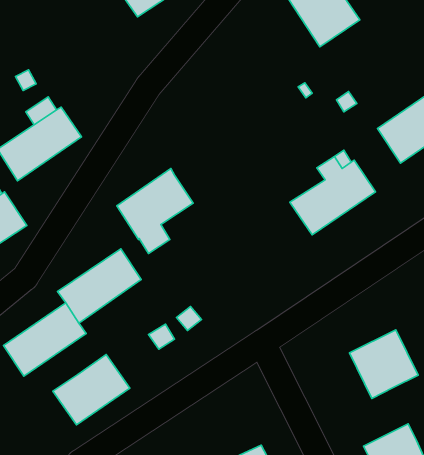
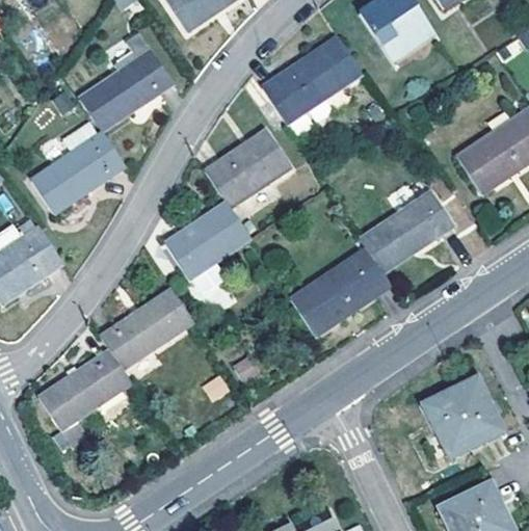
building: none -> [79,25,187,131]
building: none -> [262,35,362,124]
building: none -> [206,129,290,207]
building: none -> [290,246,392,337]
building: [53,355,130,425] -> none

